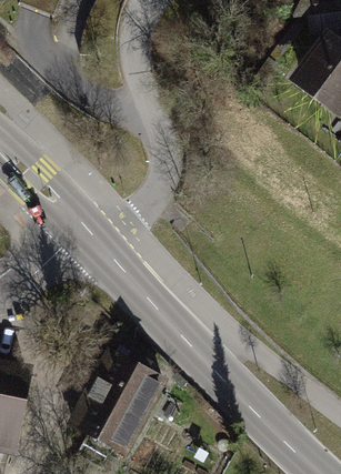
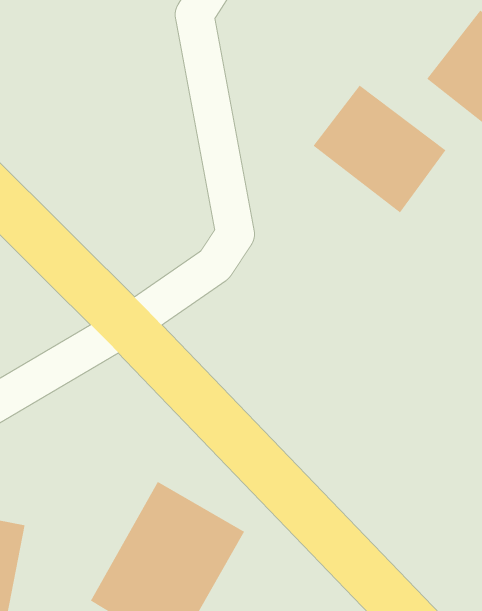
building: none -> [312,84,446,213]

